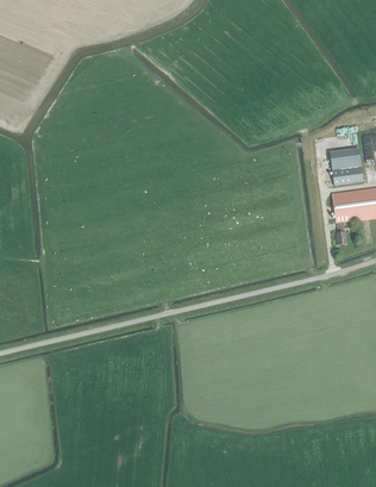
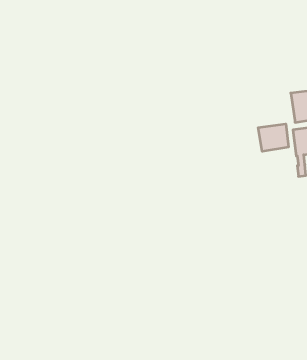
building: none -> [258,124,288,151]

